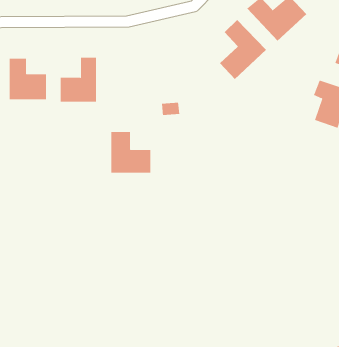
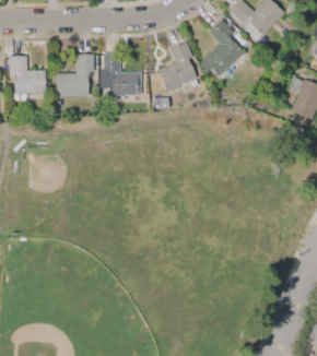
building: none -> [158,43,199,91]
building: [111,132,151,173] -> [102,56,139,94]

